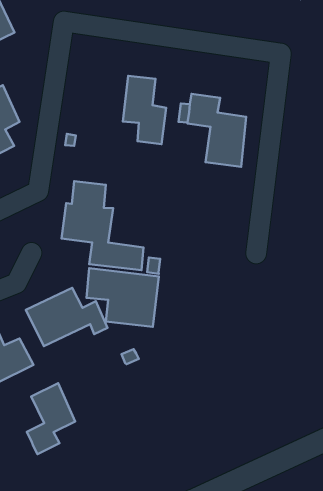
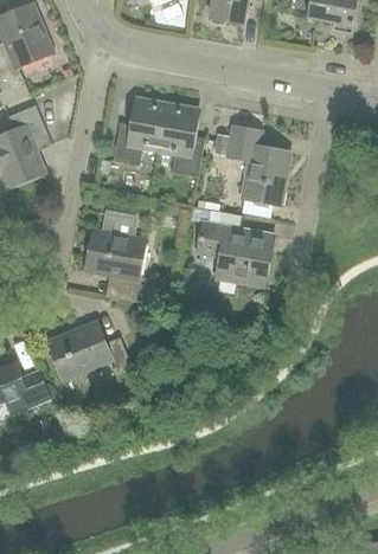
building: none -> [114,98,167,166]
building: [86,268,159,327] -> [197,221,274,286]
building: [27,383,75,454] -> none

